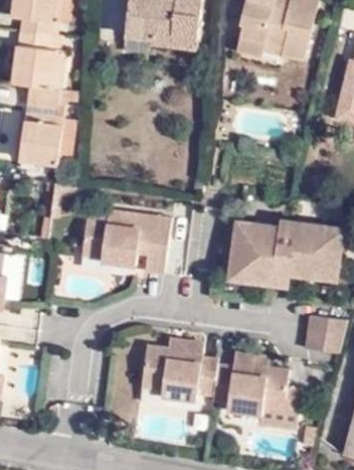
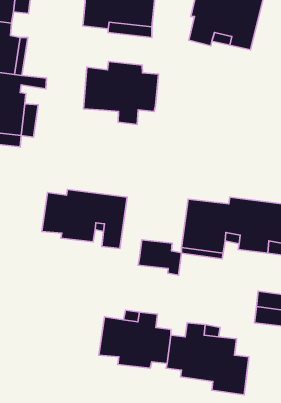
building: none -> [83,62,158,124]
building: none -> [138,240,181,275]

